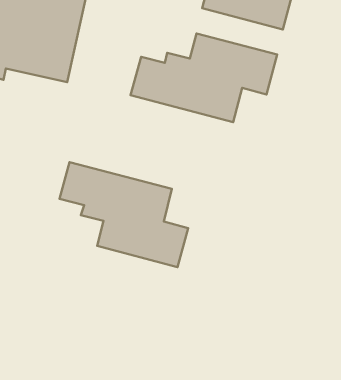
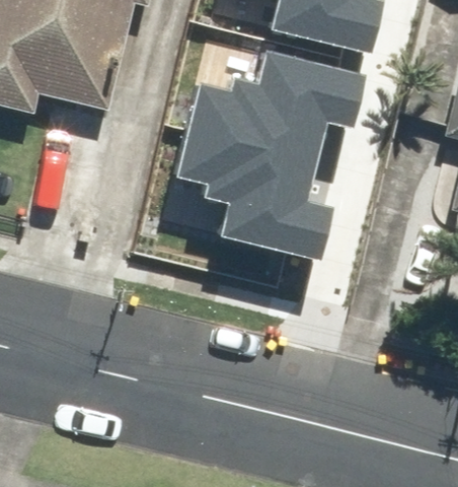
building: [60,162,188,267] -> [172,130,332,261]

